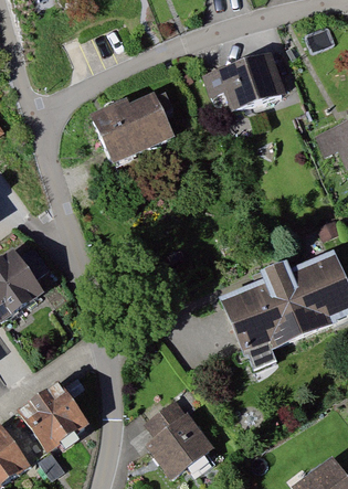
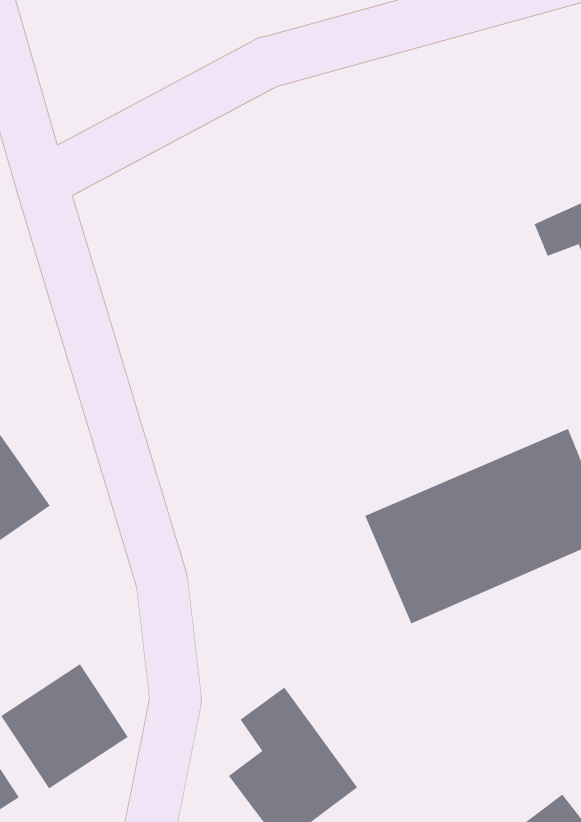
building: [202,53,286,109] -> none
building: [91,93,173,168] -> none

